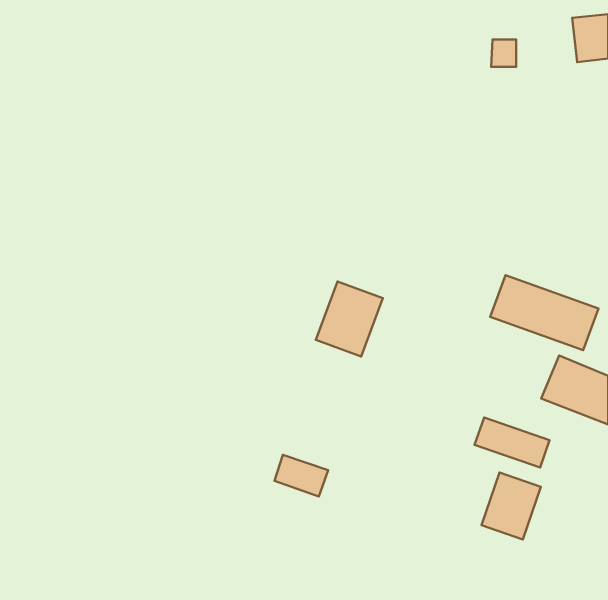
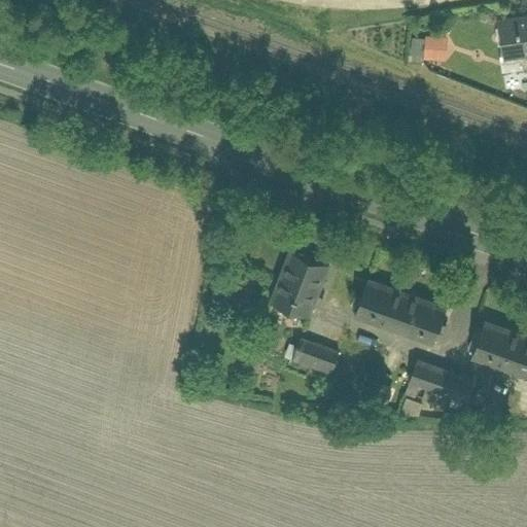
building: [490,275,599,350] -> [353,280,447,345]
building: [275,455,328,497] -> [293,345,340,381]
building: [481,473,541,539] -> none

